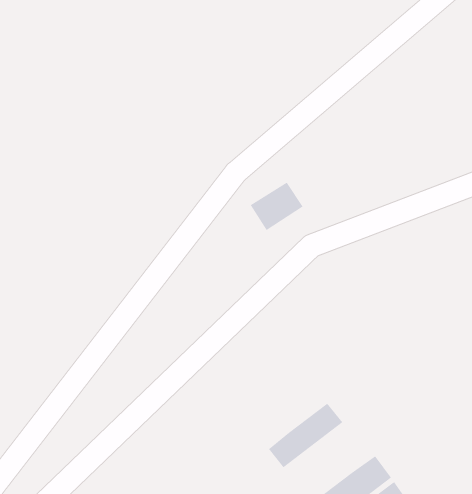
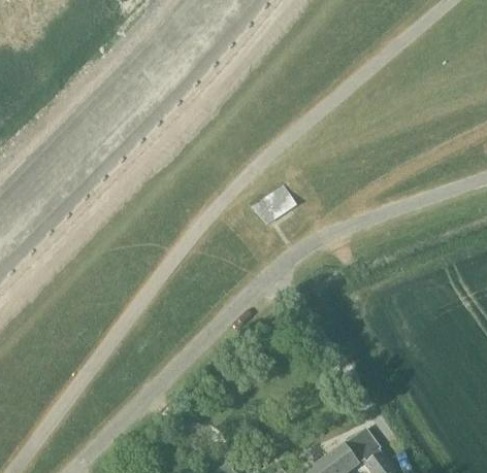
building: [268,403,343,468] -> none

